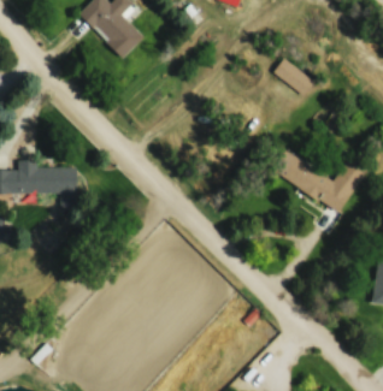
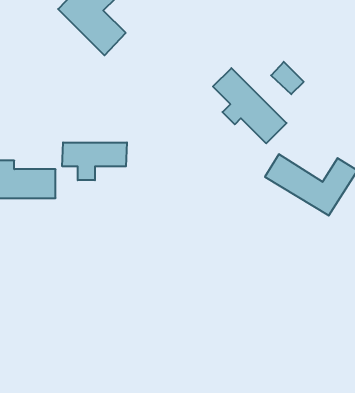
building: none -> [213,68,287,143]
building: none -> [62,142,127,180]

